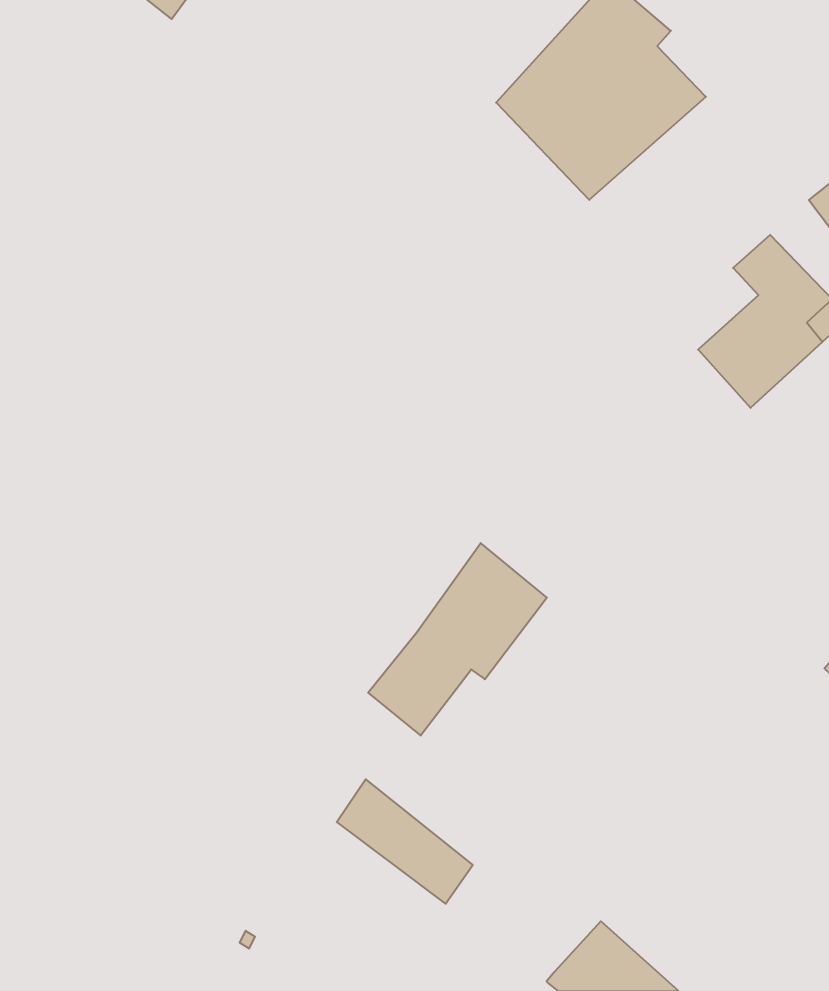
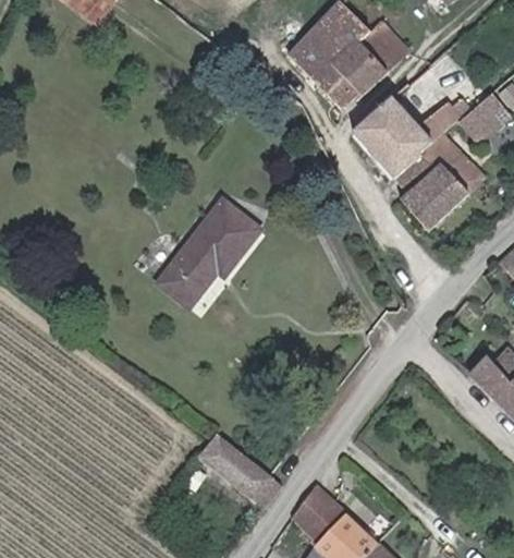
building: none -> [355,97,460,173]
building: [368,543,547,736] -> [167,187,267,295]
building: none -> [293,488,346,545]

